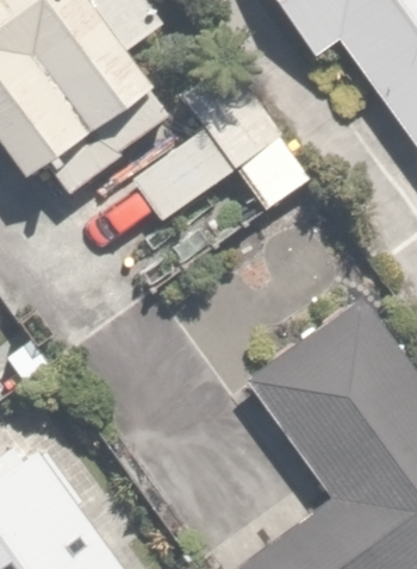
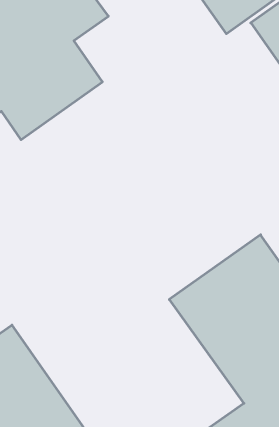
building: [141,62,293,212] -> none

